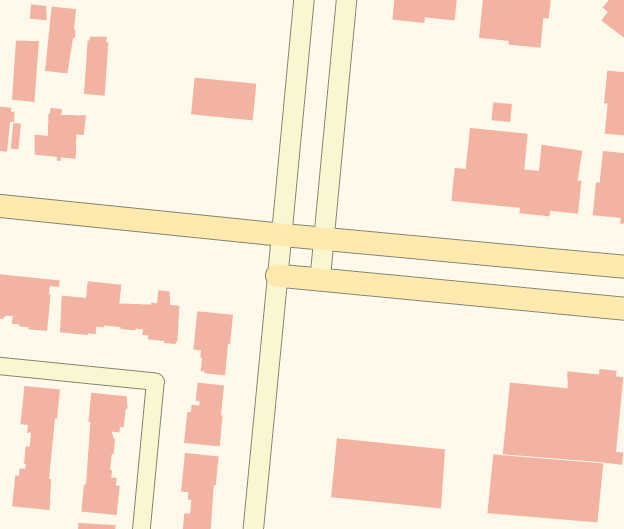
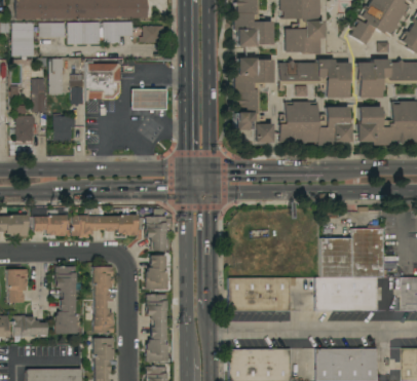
building: none -> [85,61,120,102]
building: none -> [233,58,271,143]
building: none -> [277,60,349,99]

